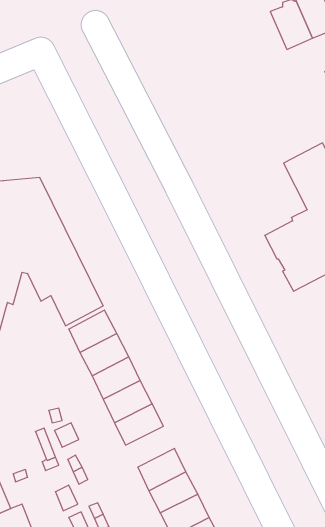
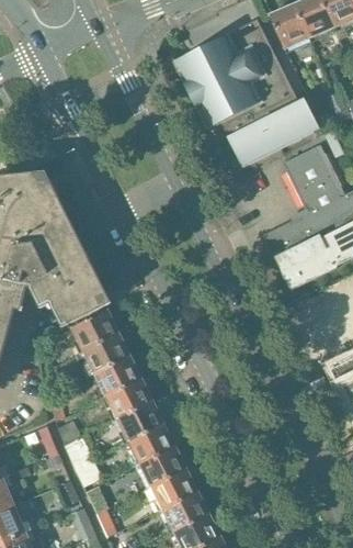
building: none -> [174,19,314,172]
building: none -> [127,423,175,463]

